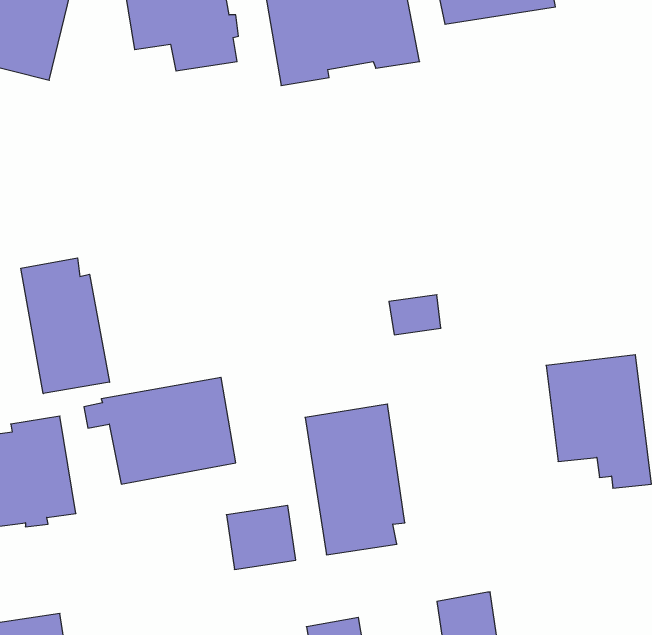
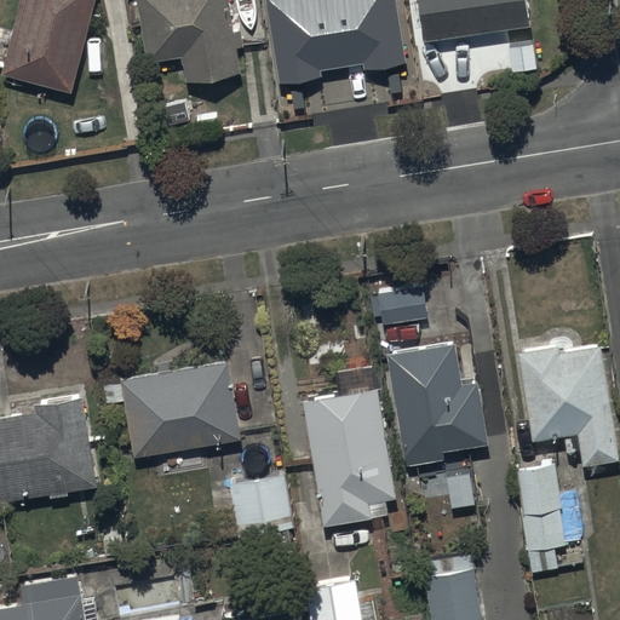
building: [21,258,110,394] -> none
building: none -> [388,339,489,465]
building: none -> [518,465,562,572]

